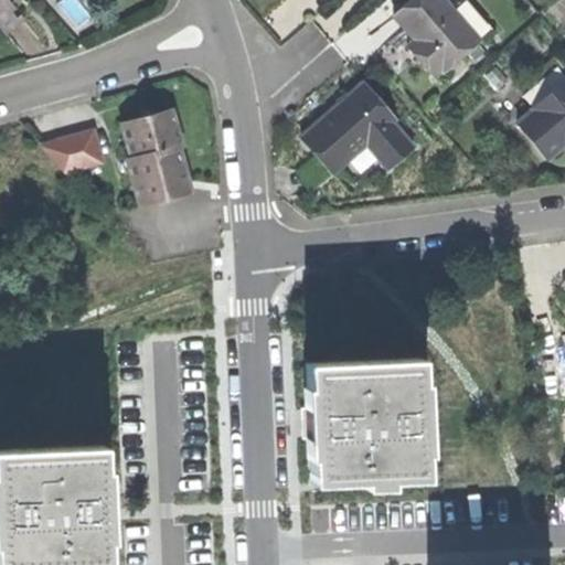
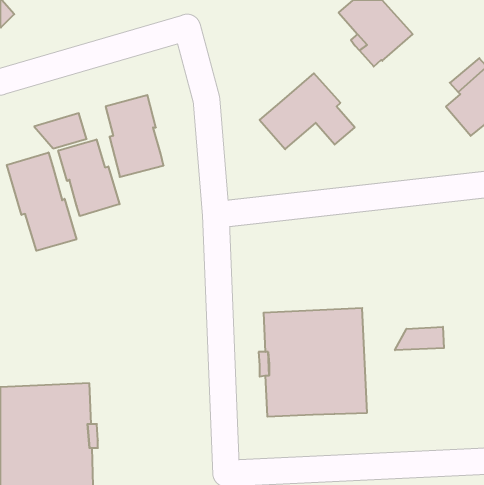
building: none -> [58,139,120,216]
building: none -> [7,152,76,251]
building: none -> [395,327,444,350]

